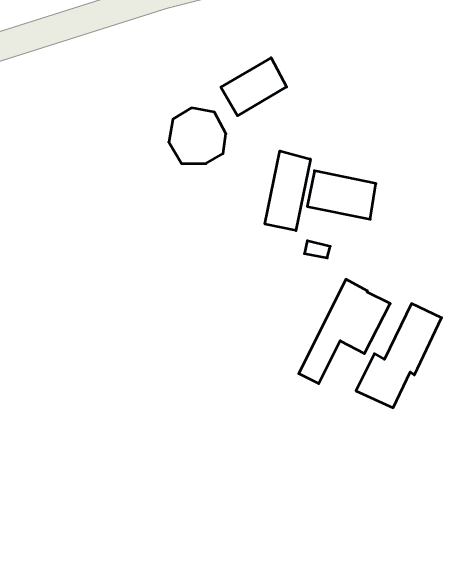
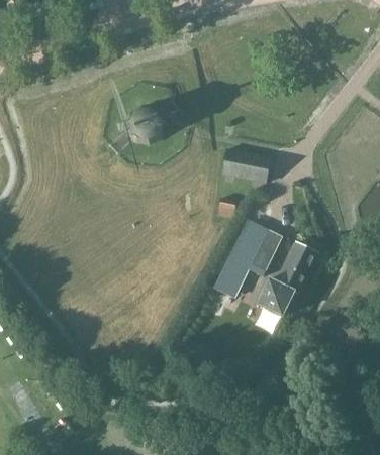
building: [221,58,287,116] -> none
building: [265,151,310,231] -> none

